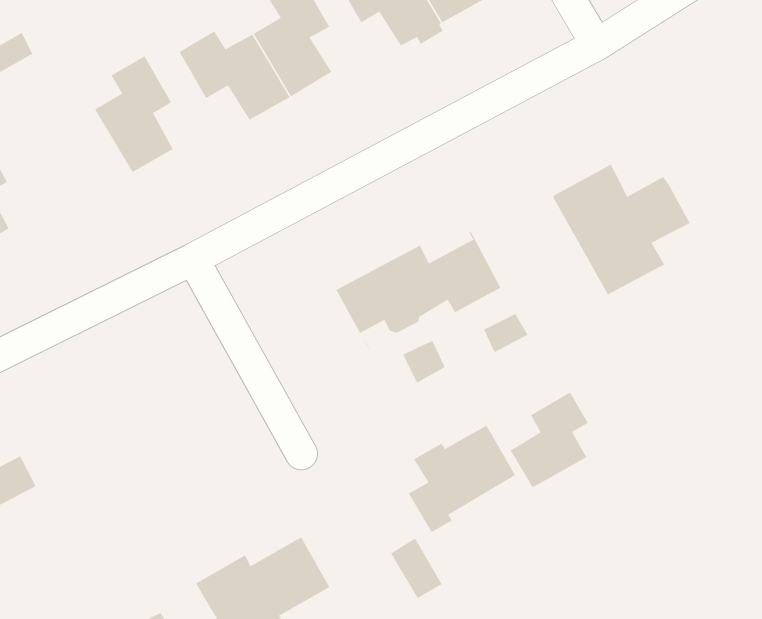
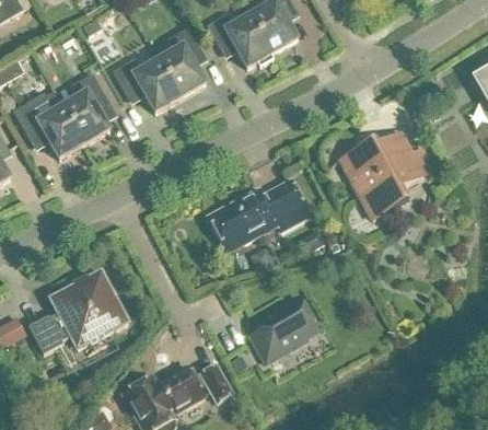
building: none -> [13,90,84,159]
building: none -> [28,270,128,353]
building: [510,392,588,488] -> none
building: [390,537,442,599] -> [200,363,232,400]

